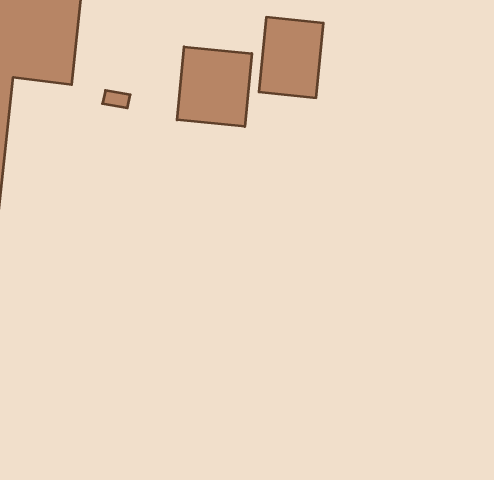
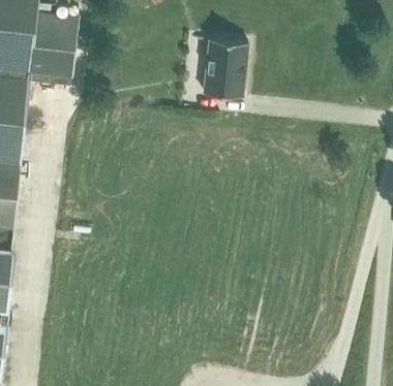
building: [177,47,252,127] -> none

